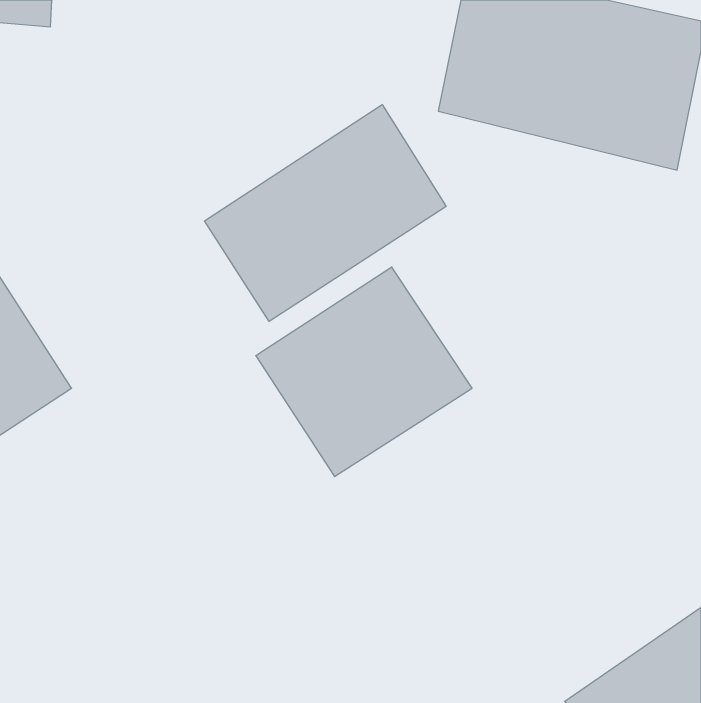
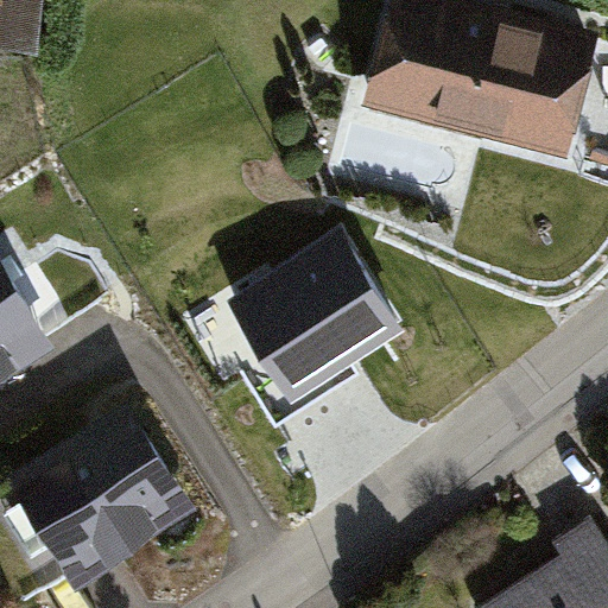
building: [204,105,446,321] -> none
building: none -> [11,398,197,578]

